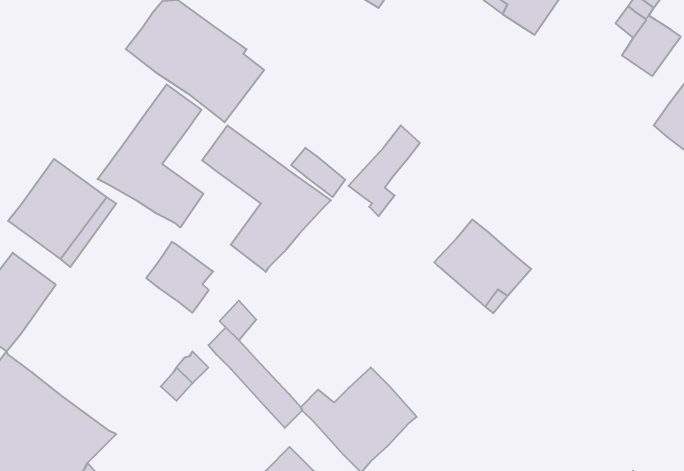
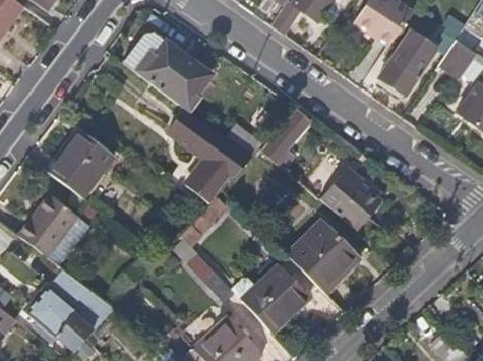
building: none -> [380,36,434,94]
building: [97,84,203,227] -> none
building: [146,242,213,313] -> none
building: none -> [287,221,359,293]

